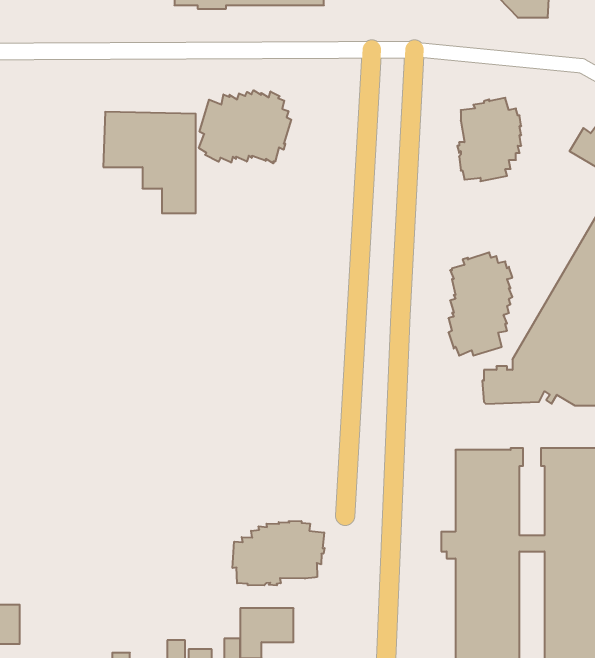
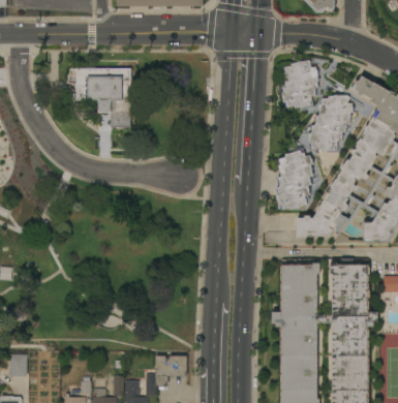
building: [199,90,291,163] -> none
building: none -> [308,95,354,153]
building: [233,521,325,585] -> none

